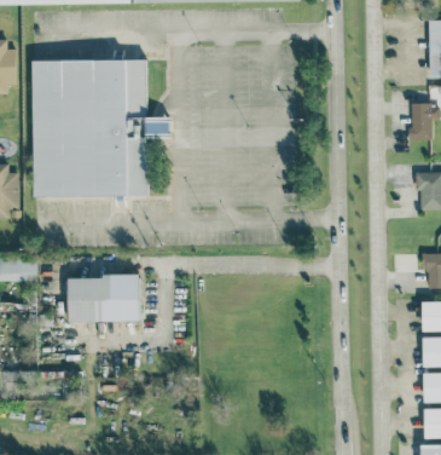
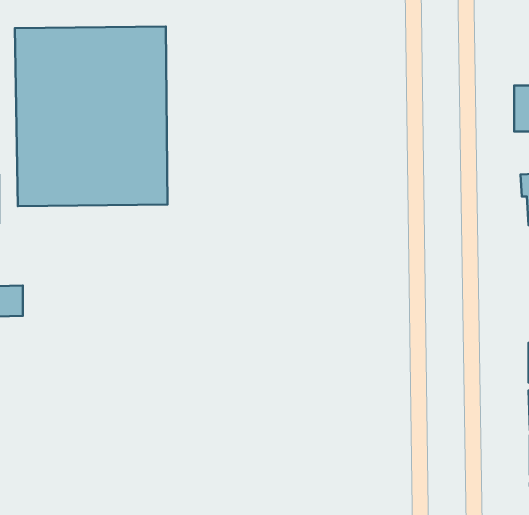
building: [66,275,139,321] -> none

